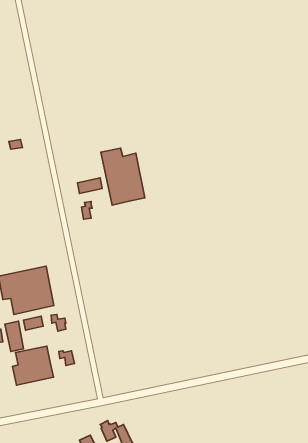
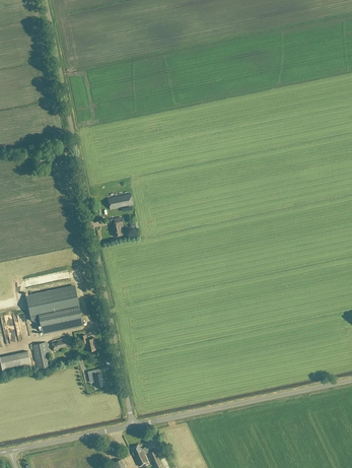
building: [101,148,145,205] -> none
building: [12,346,53,385] -> none

